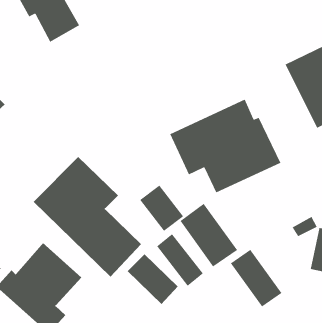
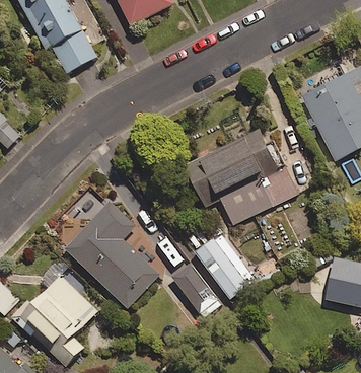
building: [139,185,184,232] -> none
building: [230,249,282,307] -> none
building: [127,254,179,305] -> none

